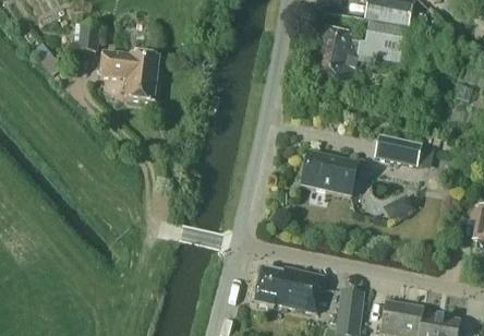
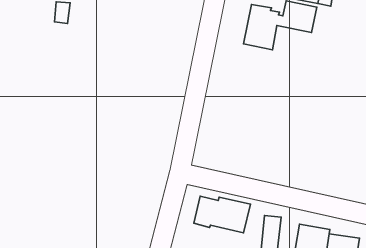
building: [99,51,158,100] -> none
building: [374,133,420,166] -> none
building: [301,151,358,194] -> none

